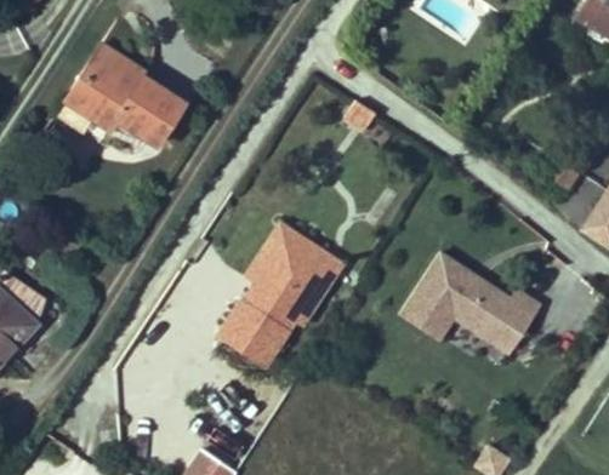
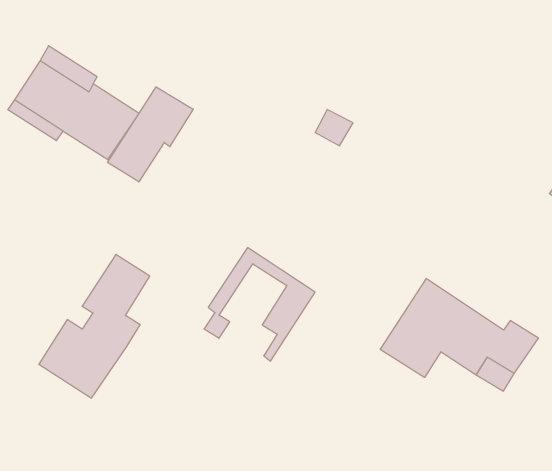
building: none -> [108,87,193,182]
building: [217,239,317,367] -> [39,255,150,398]

